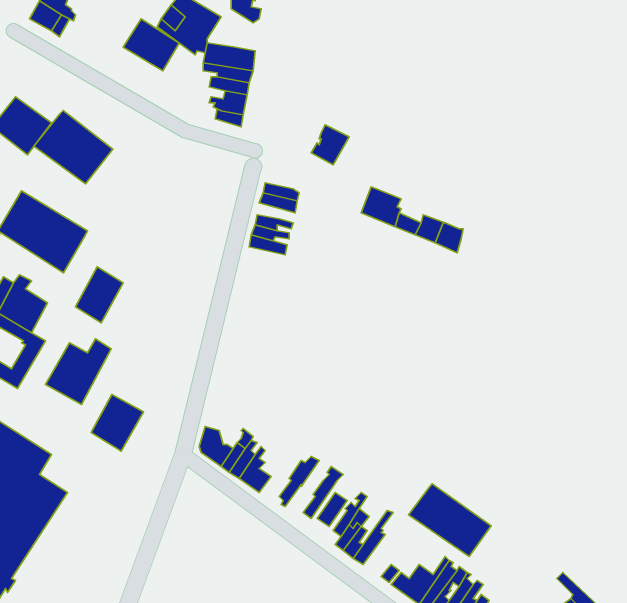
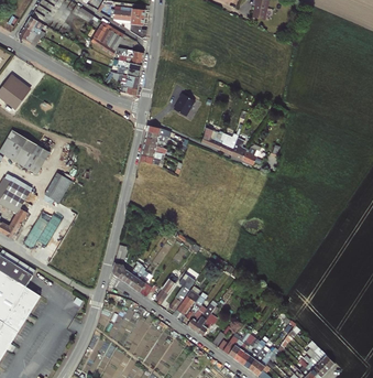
building: [123,19,179,71] -> none
building: [34,110,113,184] -> none
building: [91,394,143,451] -> none
building: [409,484,491,556] -> none

